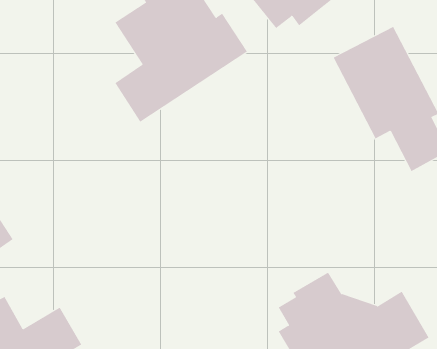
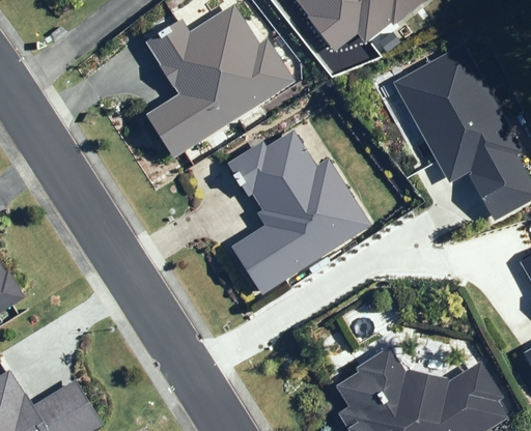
building: none -> [189,122,374,299]

